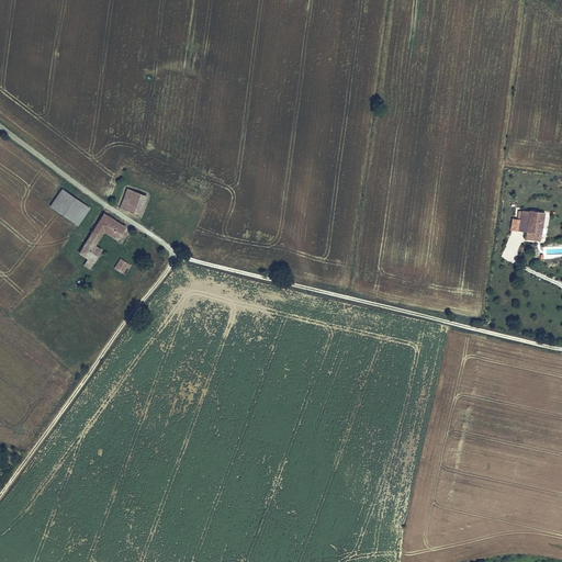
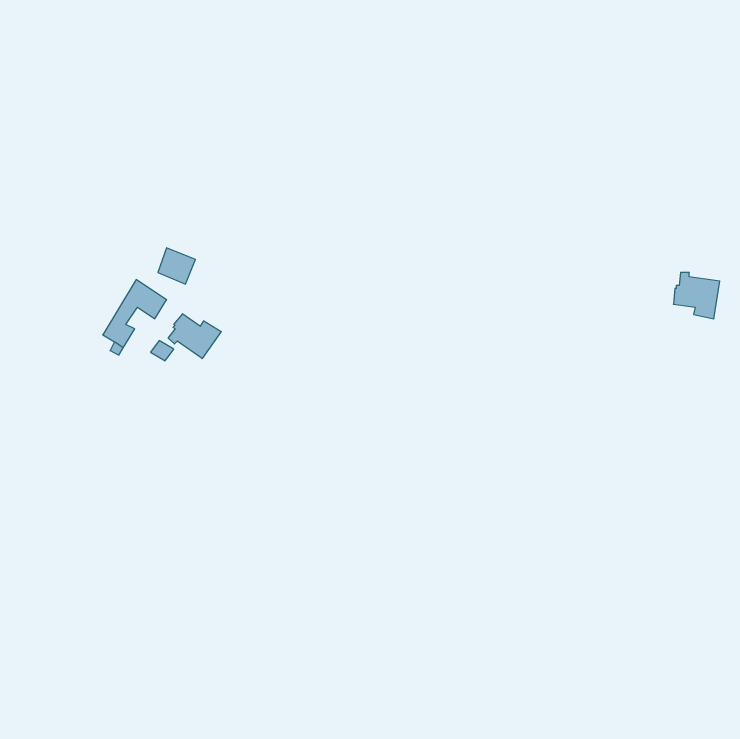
building: [49,189,91,226] -> none
building: none -> [168,314,221,359]

